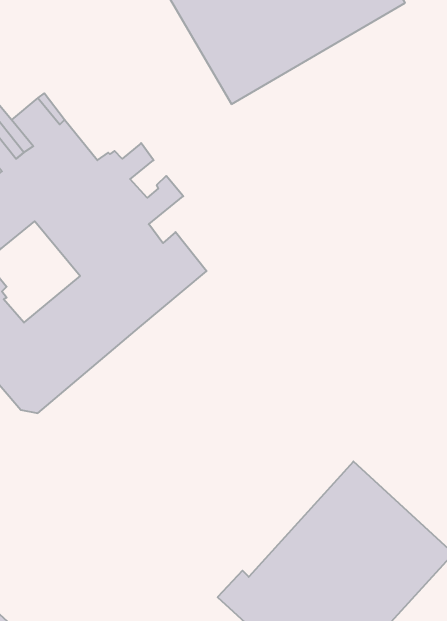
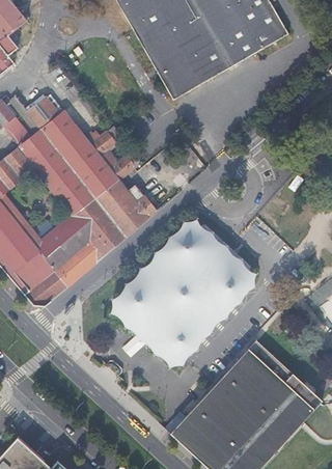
building: none -> [115,222,249,360]

